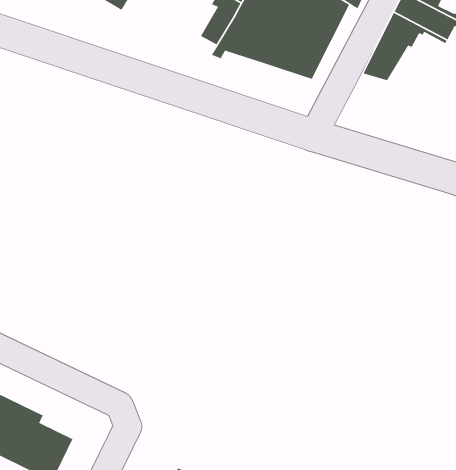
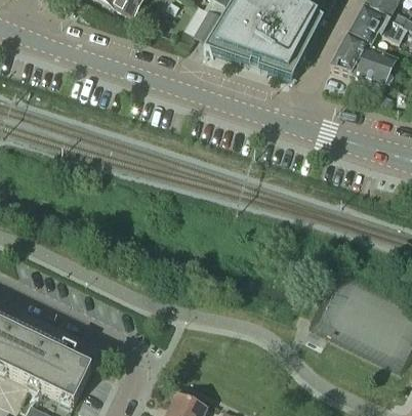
building: none -> [352,43,398,82]

